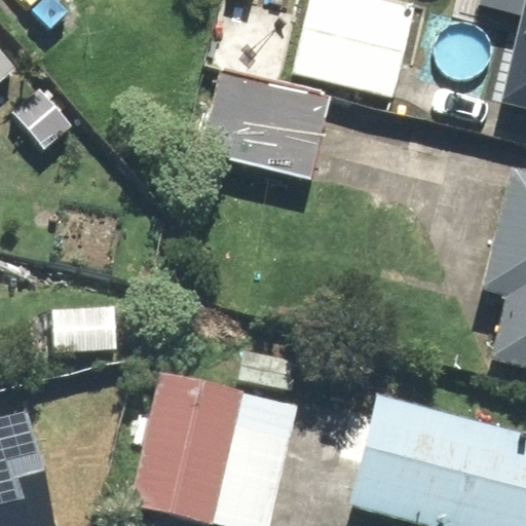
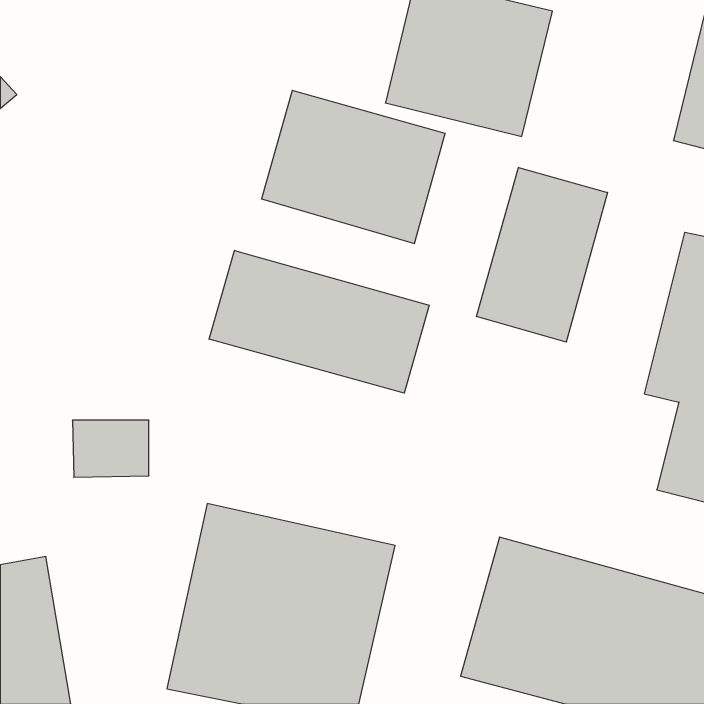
building: none -> [477,167,607,342]
building: none -> [209,250,429,393]

